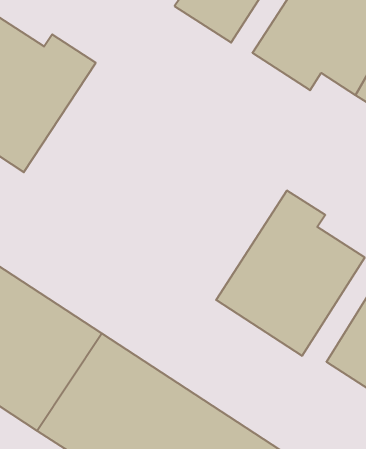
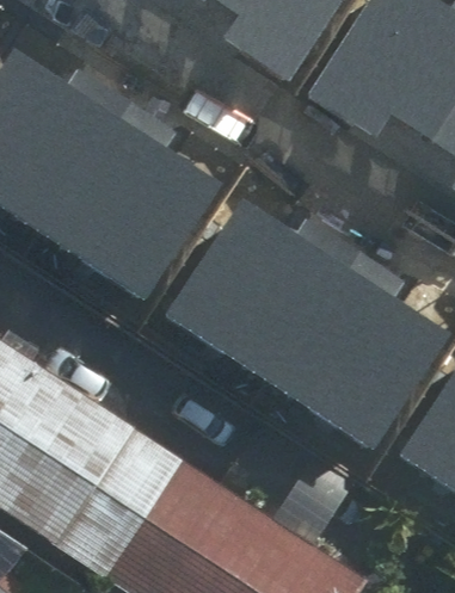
building: none -> [44,105,221,299]
building: none -> [166,202,355,384]

